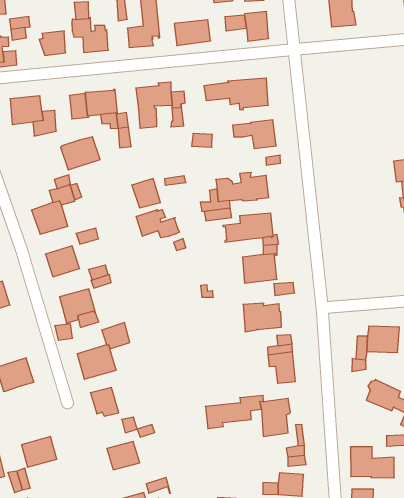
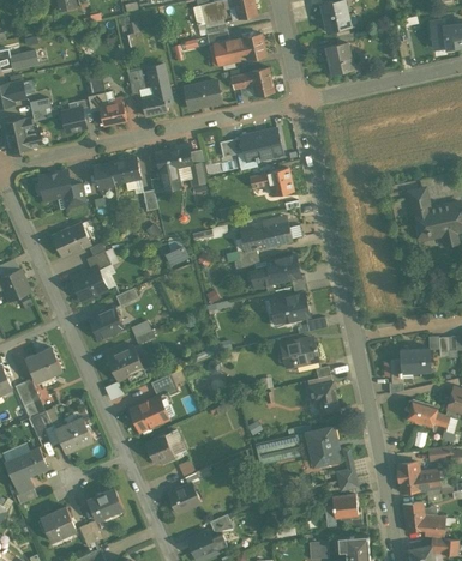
building: [61,137,100,170] -> [52,224,90,258]
building: [136,210,180,238] -> none

